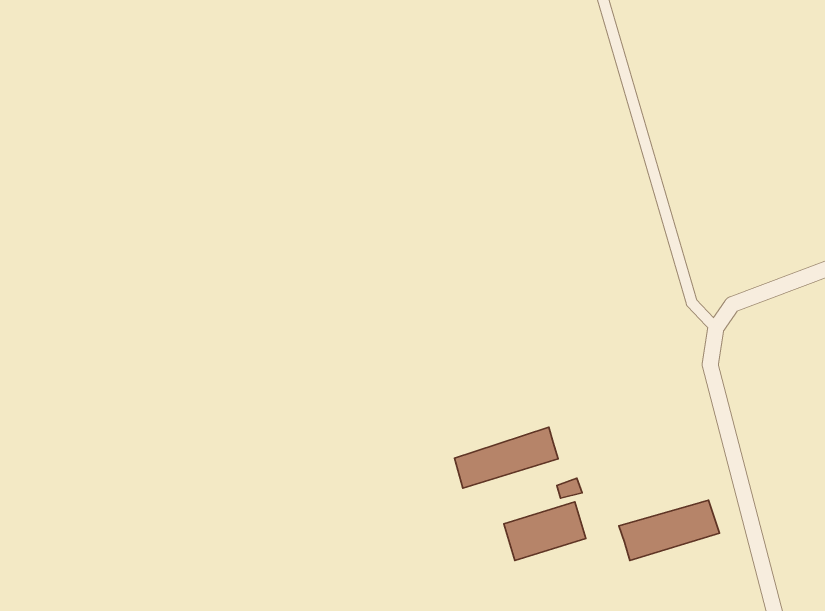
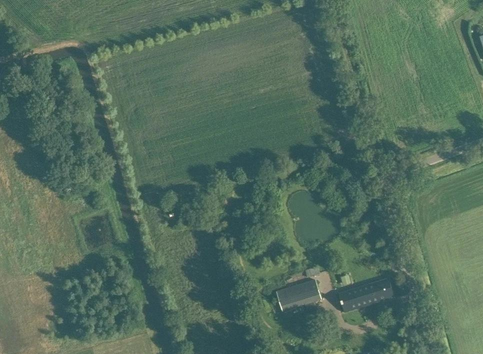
building: [454,427,558,488] -> none

